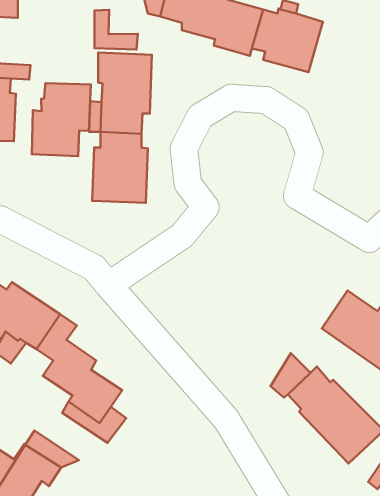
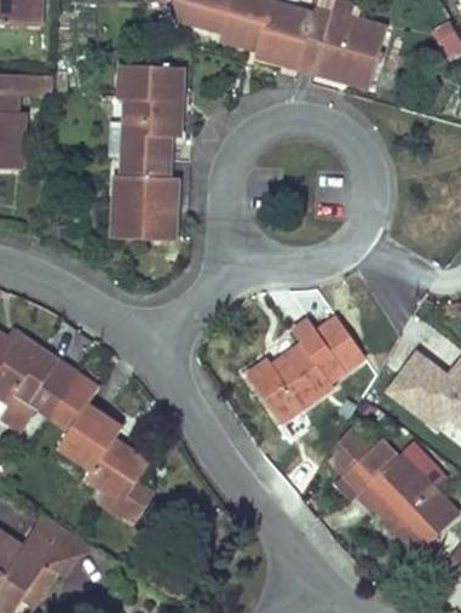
building: [94,10,138,50] -> none
building: [32,83,91,156] -> none
building: none -> [246,320,362,422]

